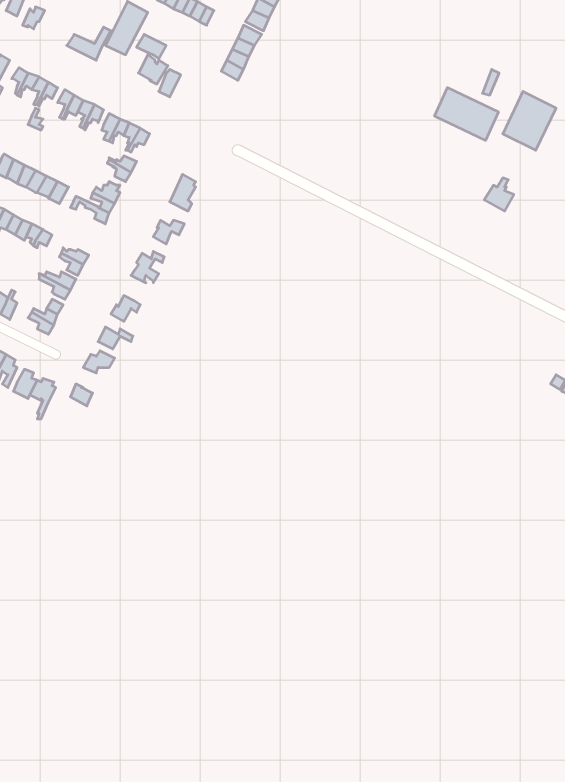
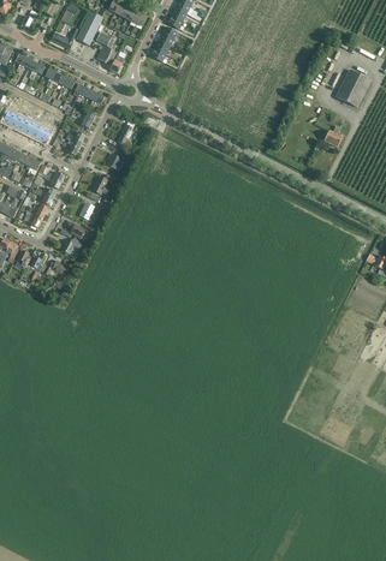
building: [435,88,498,140] -> none

